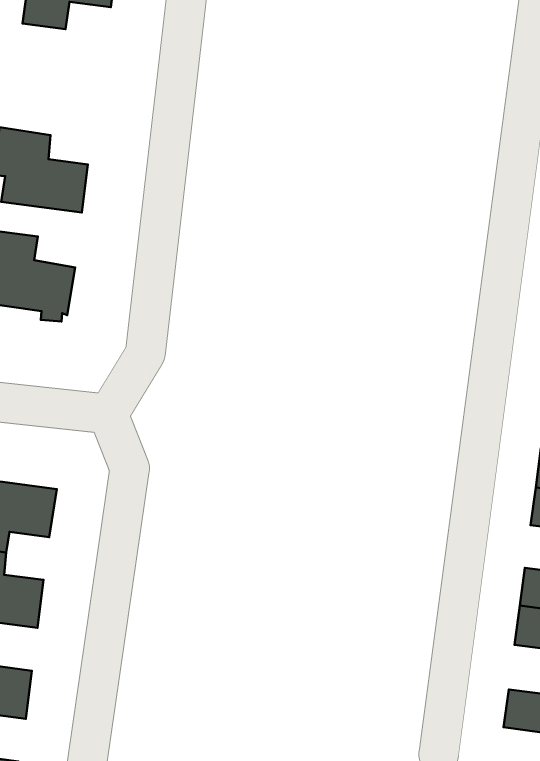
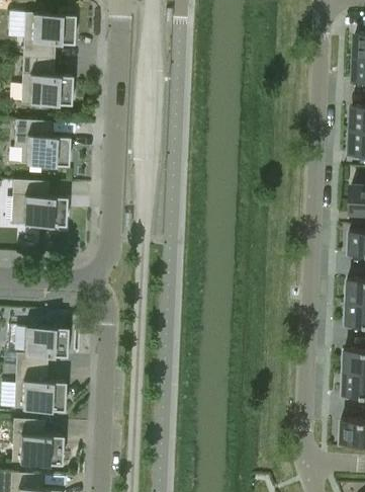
building: none -> [20,59,71,105]

